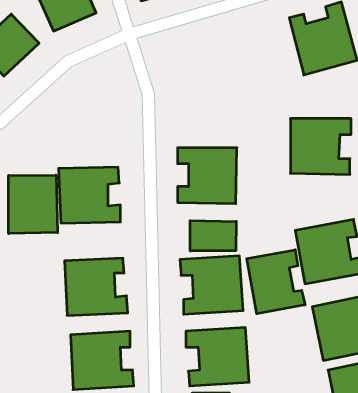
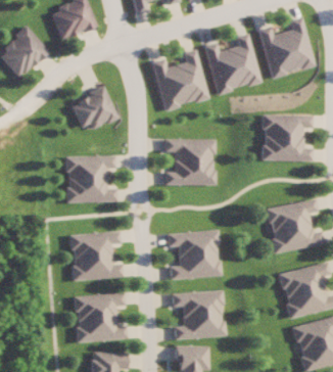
building: none -> [204,33,261,94]
building: none -> [153,49,210,110]
building: none -> [70,88,120,130]
building: [9,175,58,234] -> none
building: [190,221,236,251] -> none
building: [247,250,305,314] -> none

